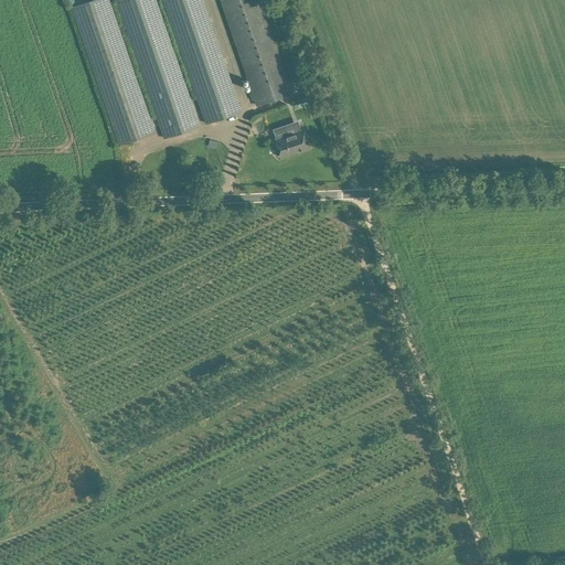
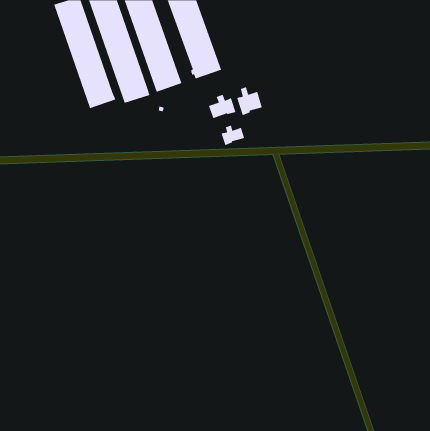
building: none -> [236,86,263,116]
building: none -> [221,125,245,146]

